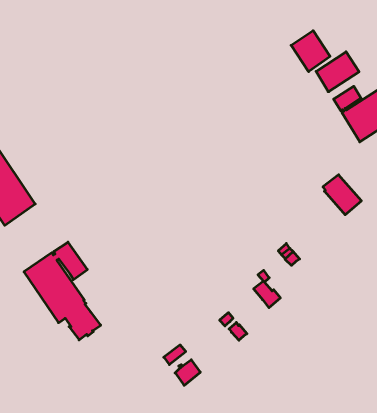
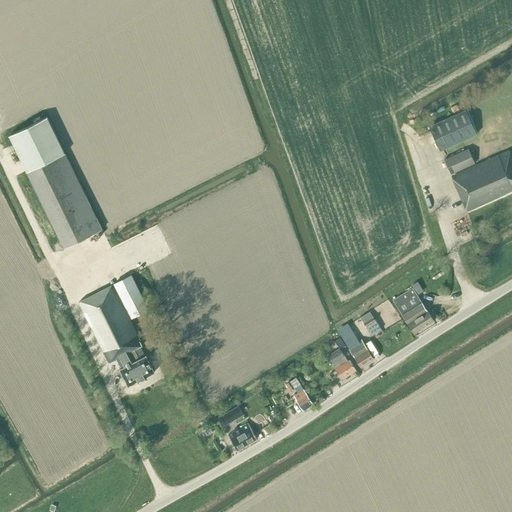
building: [291,31,330,72] -> none
building: [323,175,361,215] -> [394,289,434,334]
building: none -> [338,325,373,367]

